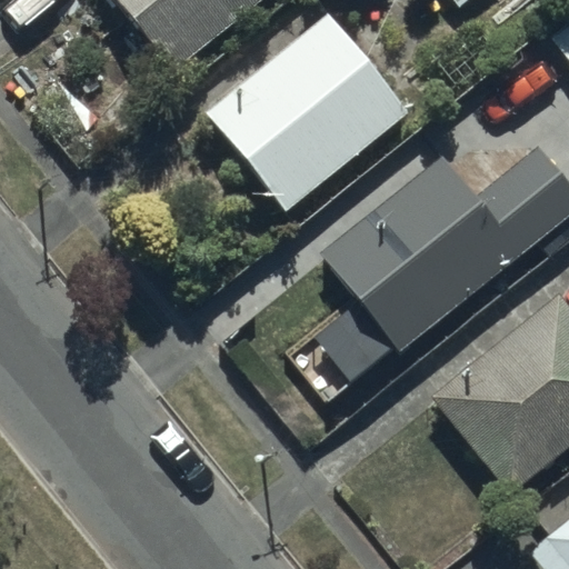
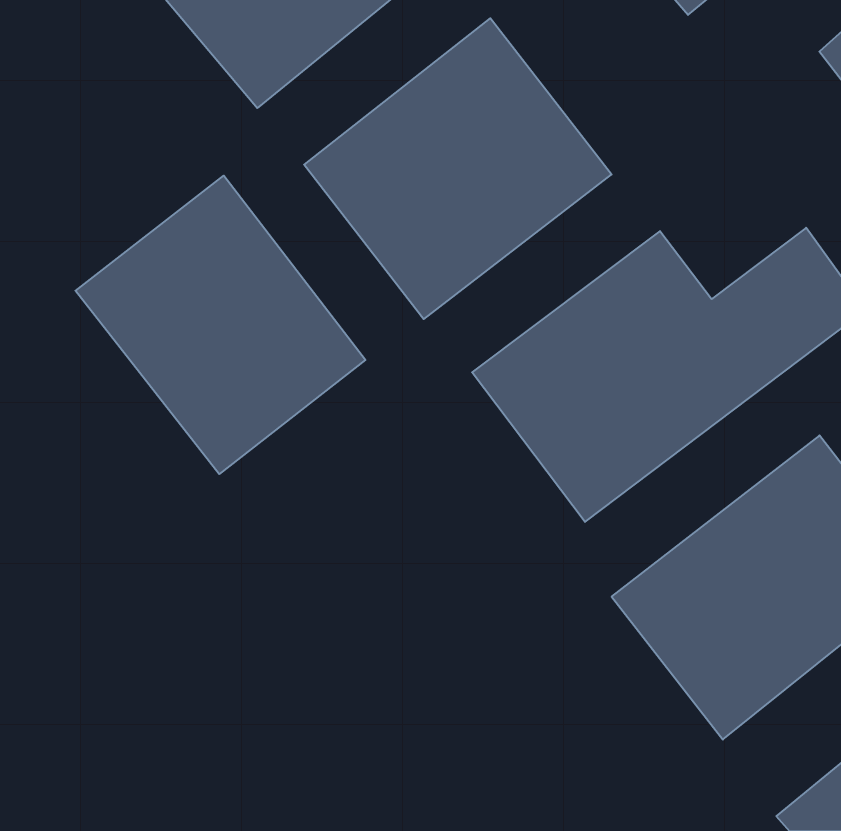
building: none -> [75,176,365,474]

